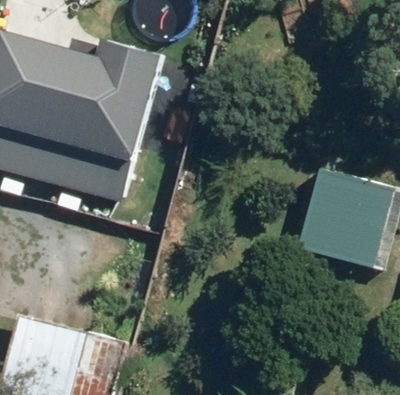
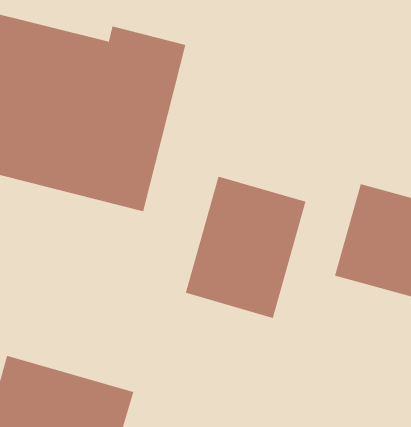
building: none -> [185,176,306,319]

